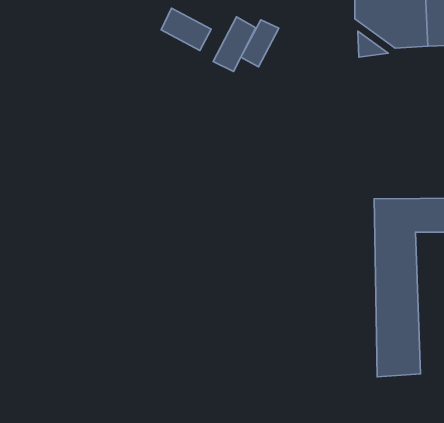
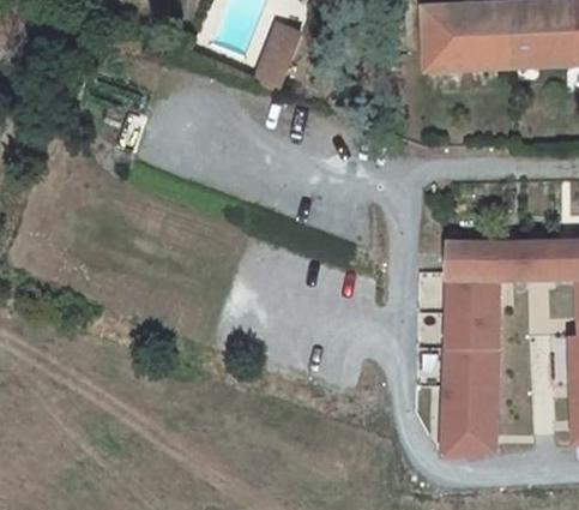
building: [161,8,211,50] -> none
building: [241,20,279,67] -> none

